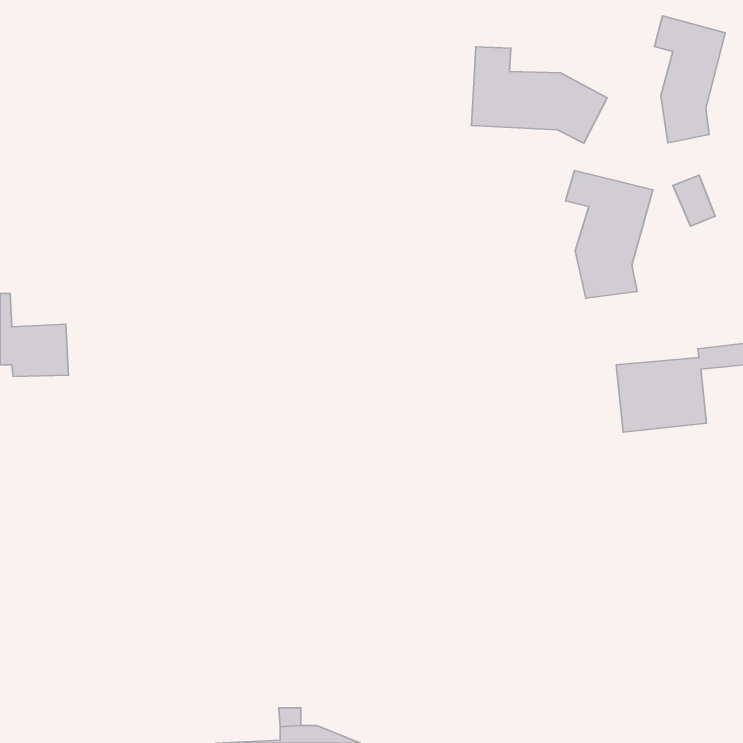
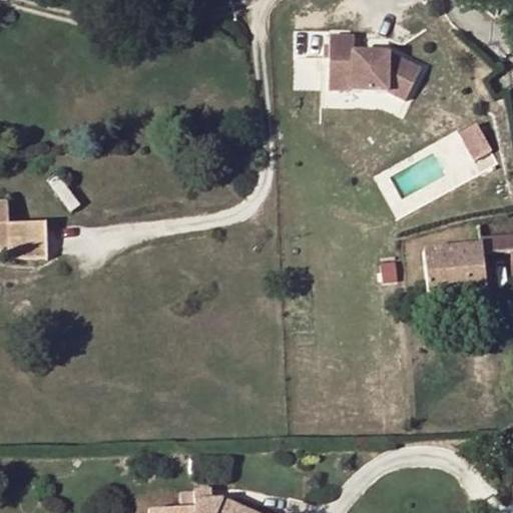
building: [654,16,725,143] -> none
building: [566,170,653,298] -> none

